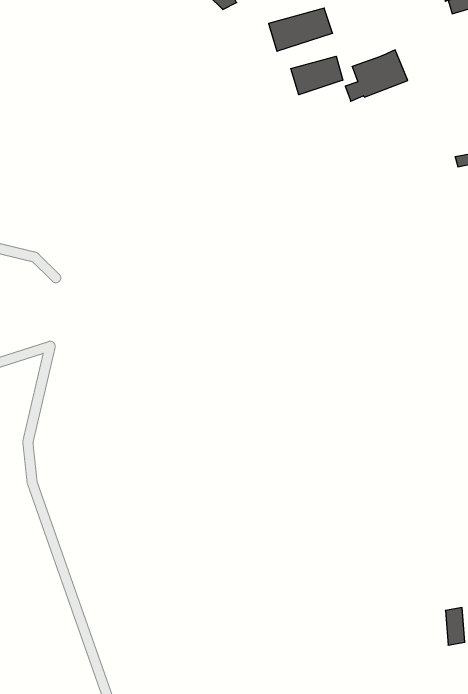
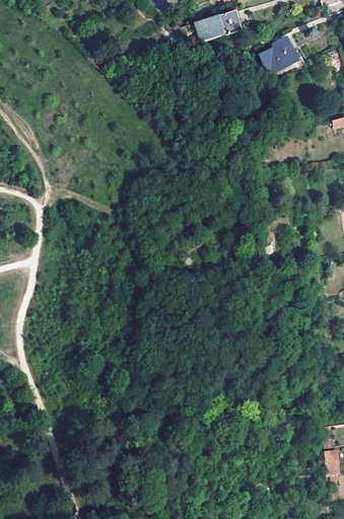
building: [291,56,343,95] -> none

